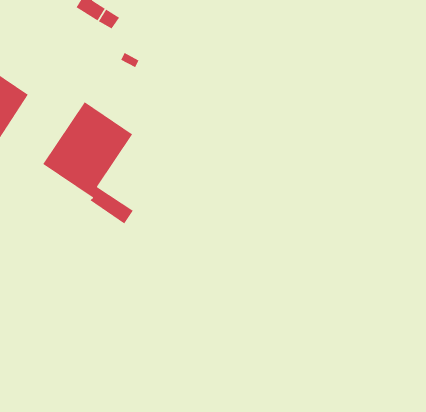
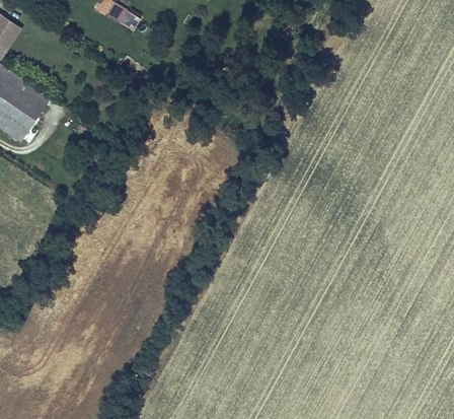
building: [42,101,134,225] -> none

